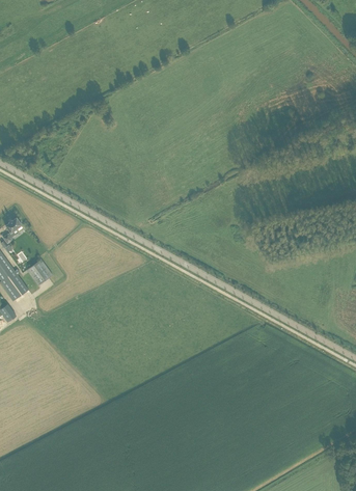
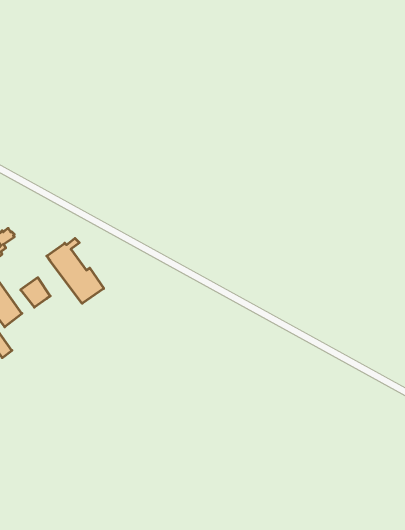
building: none -> [47,238,104,303]

